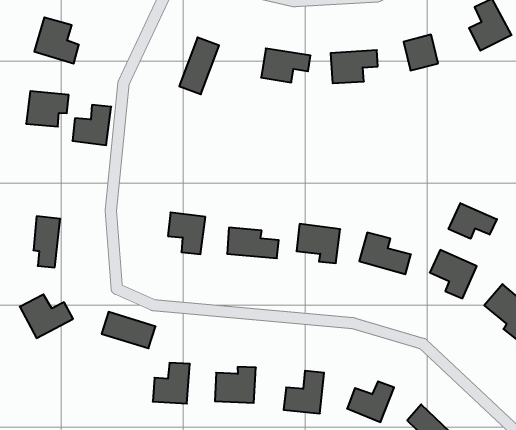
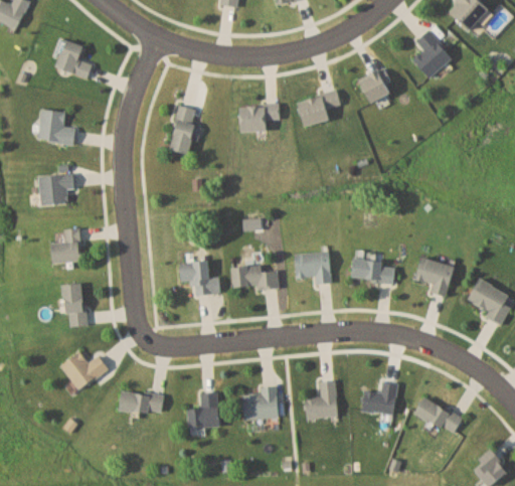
building: [72,105,111,145] -> [50,227,81,263]
building: [449,203,497,239] -> none
building: [102,312,156,348] -> [118,389,164,416]

